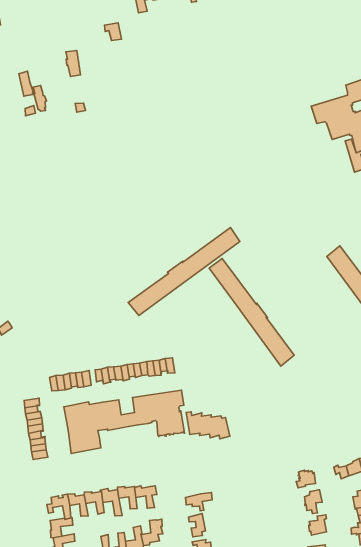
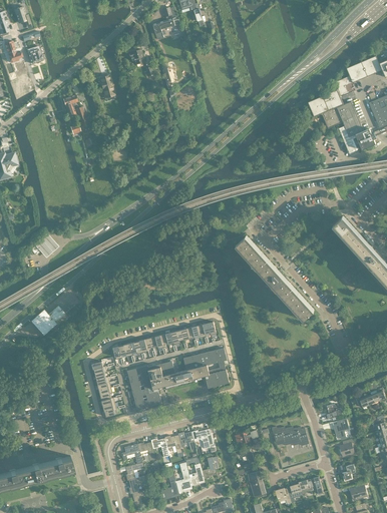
building: [128,228,240,316] -> none
building: [186,412,230,439] -> [271,426,309,446]

